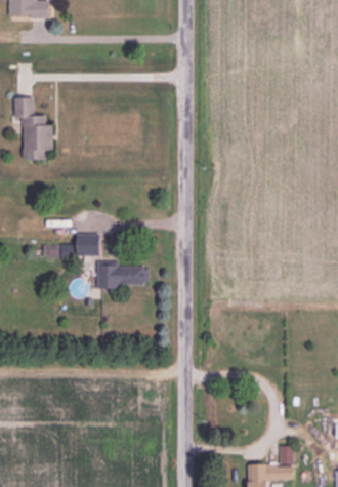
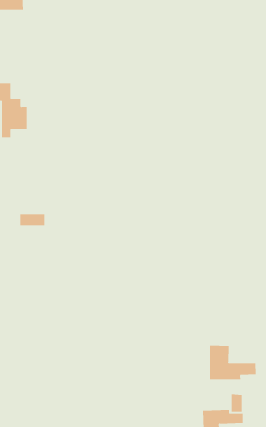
building: [76,233,99,255] -> none
building: [96,265,150,286] -> none
building: none -> [210,345,256,380]

